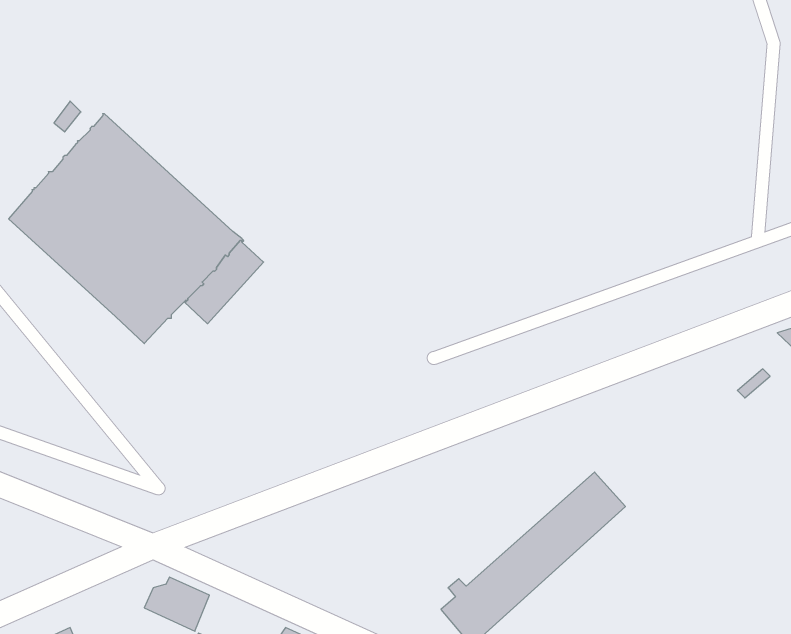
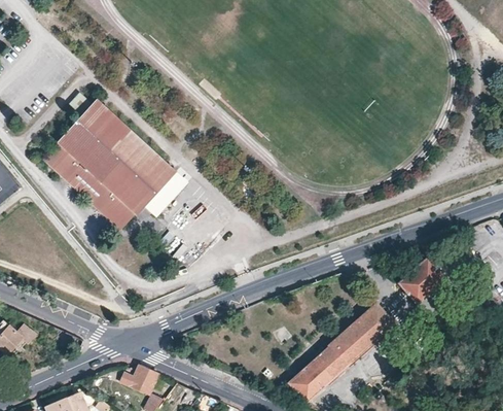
building: none -> [399,259,444,304]

